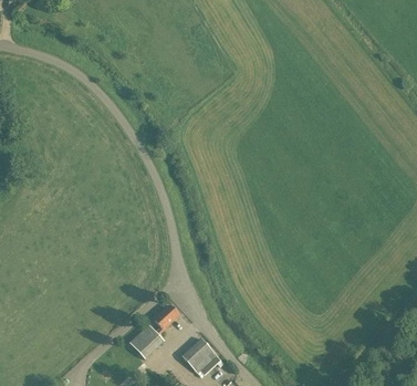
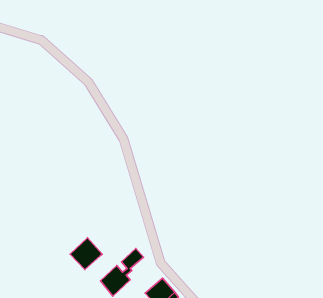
building: none -> [70,238,102,270]

